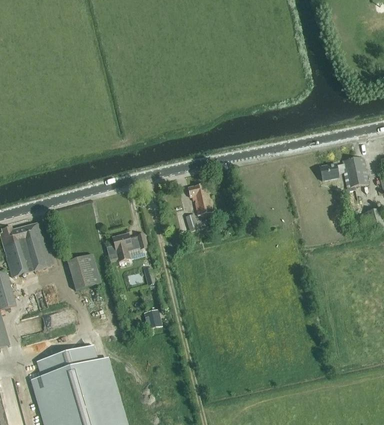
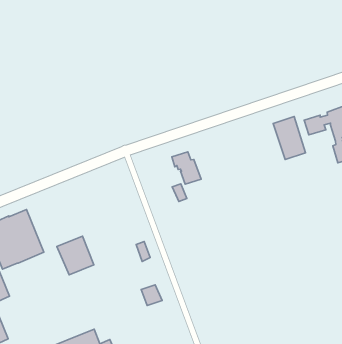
building: none -> [273,116,305,160]
building: [106,232,147,260] -> none

